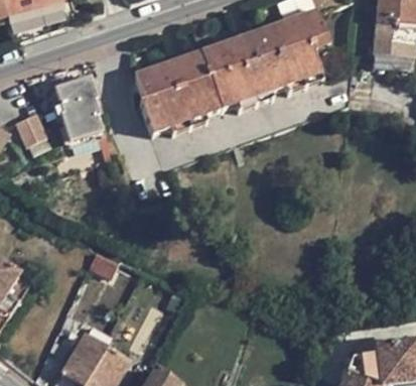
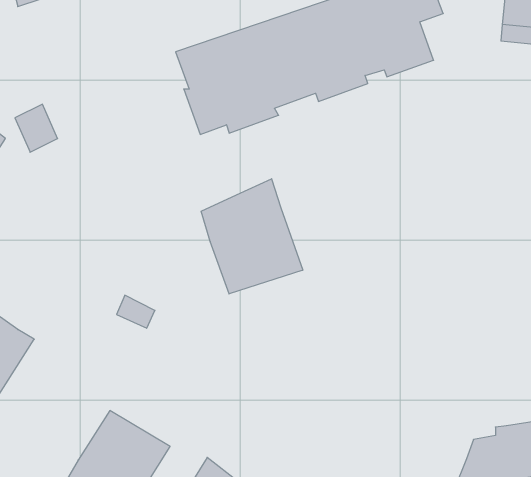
building: [54,75,102,140] -> none
building: none -> [201,179,303,294]

